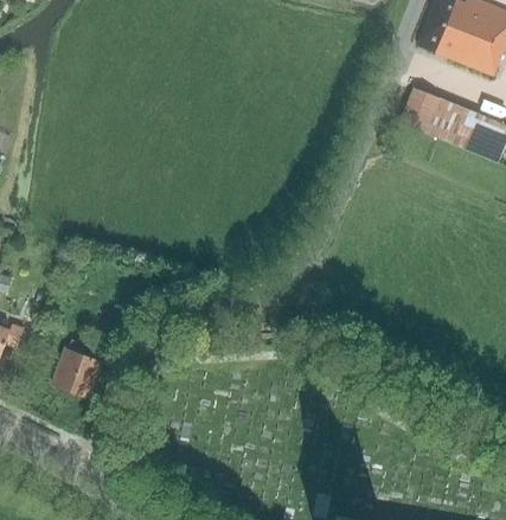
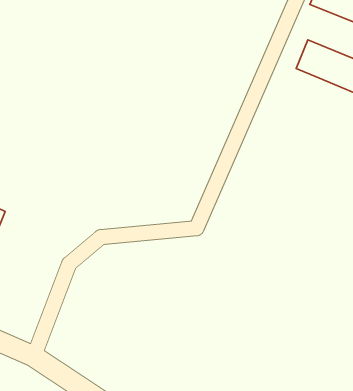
building: [53,342,101,397] -> none

